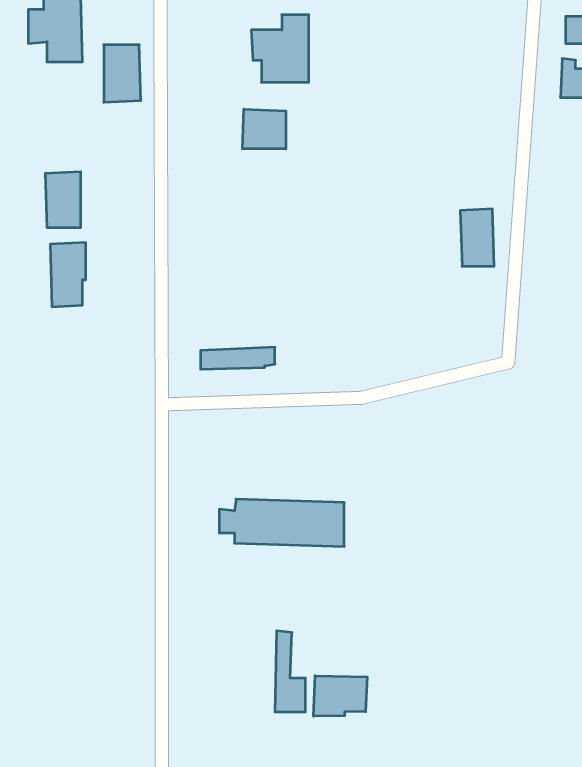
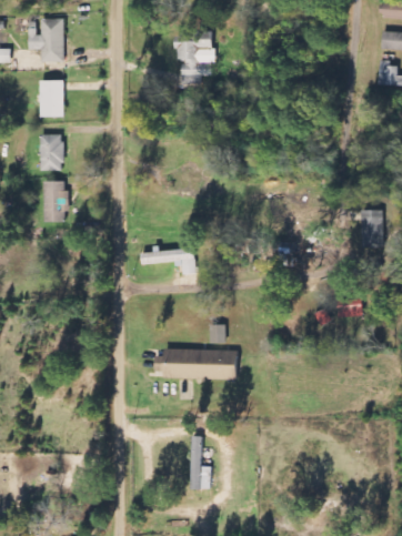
building: [104,45,141,102] -> [40,79,64,117]
building: [243,109,286,149] -> none
building: [460,209,494,266] -> [359,209,381,246]
building: [314,676,367,716] -> none

